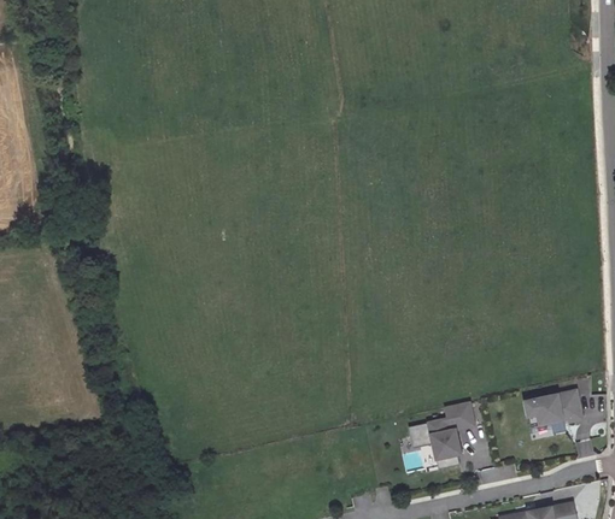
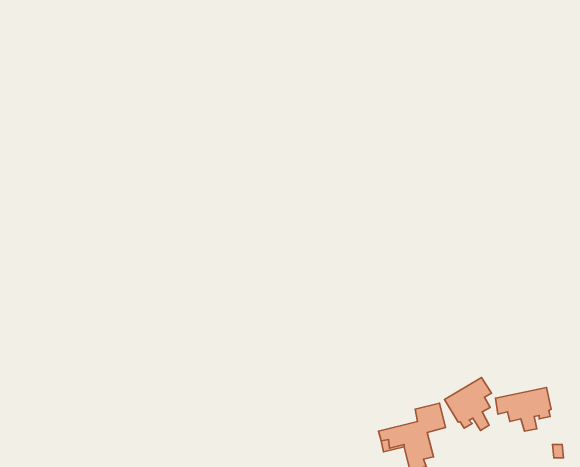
building: none -> [445,378,492,431]

